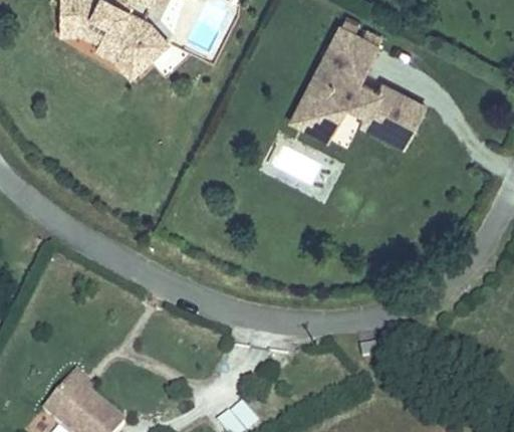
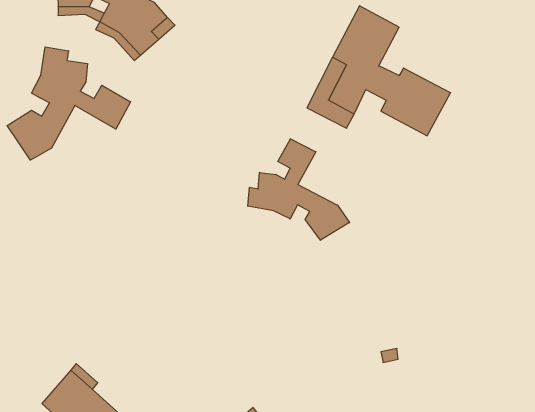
building: none -> [7,47,131,160]
building: none -> [248,139,350,240]

